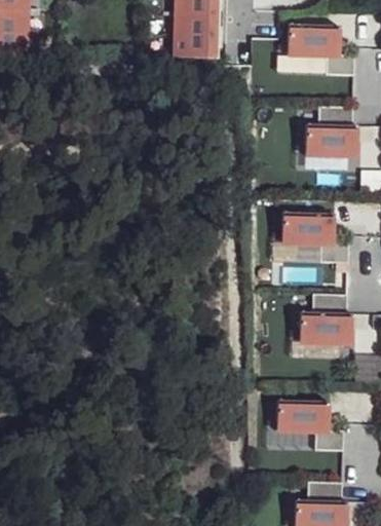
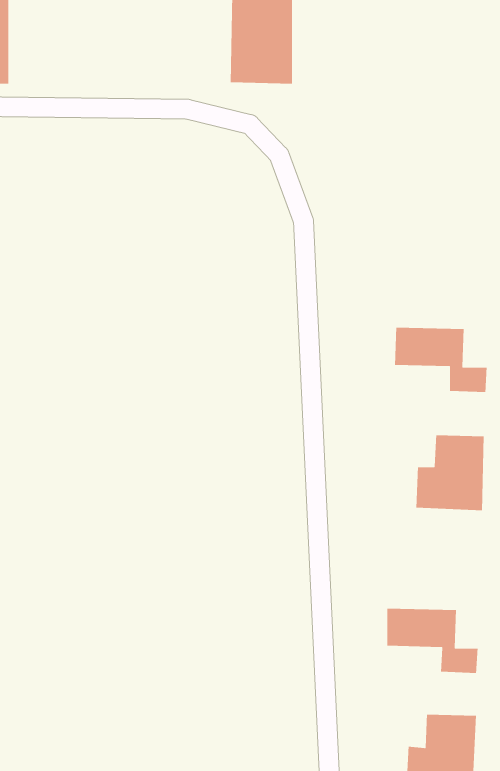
building: [289,29,350,73] -> none
building: [305,105,351,156] -> none

